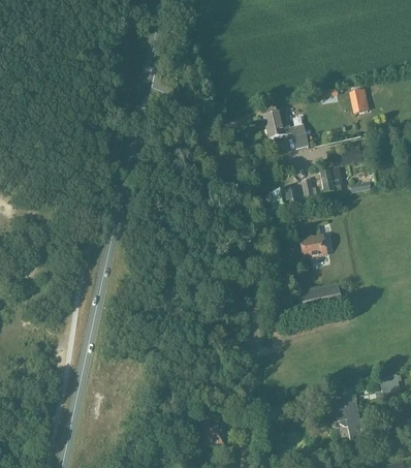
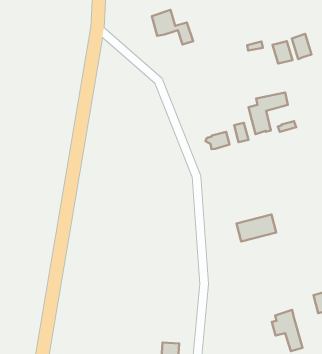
building: none -> [292,34,311,59]
building: [264,107,310,148] -> [152,10,193,45]
building: [301,233,326,256] -> none

